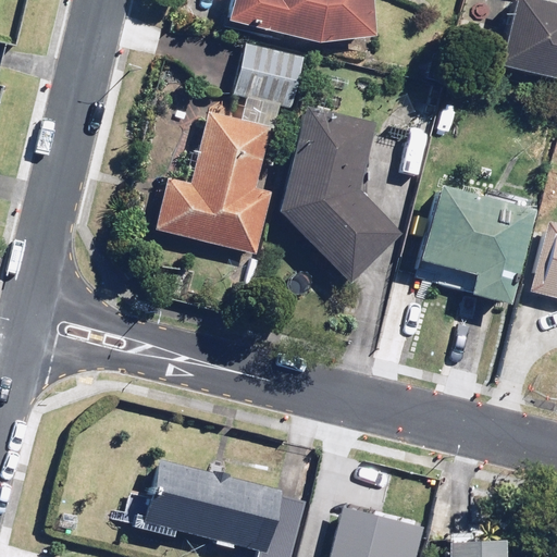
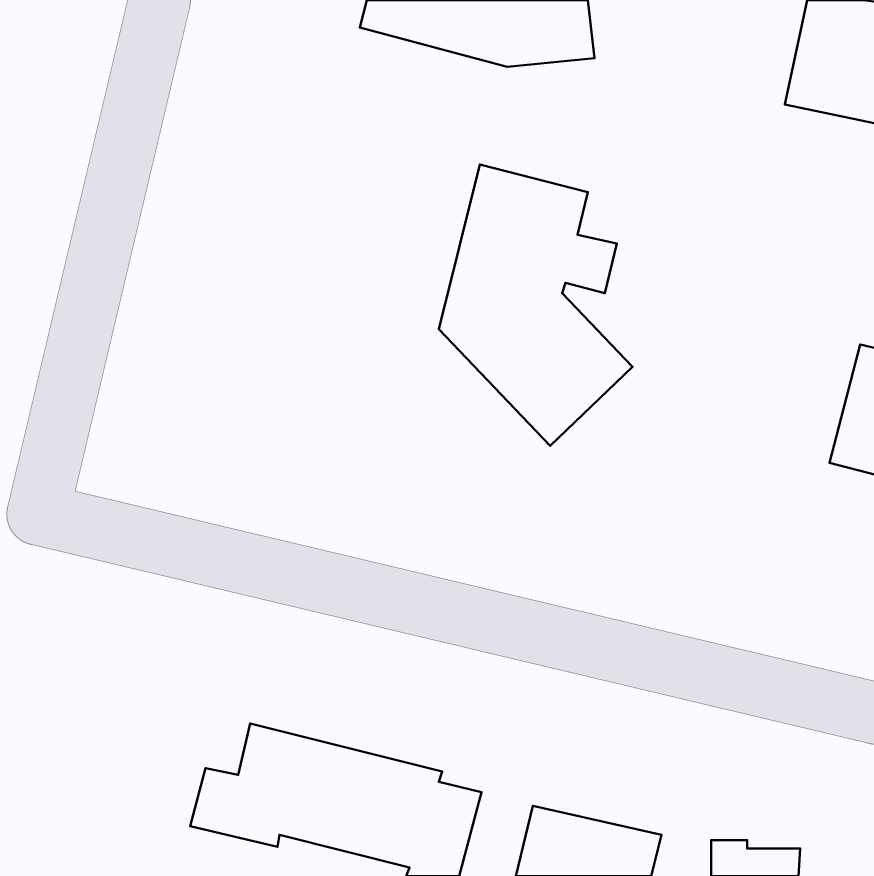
building: [150,44,306,255] -> none
building: [420,184,536,305] -> none

